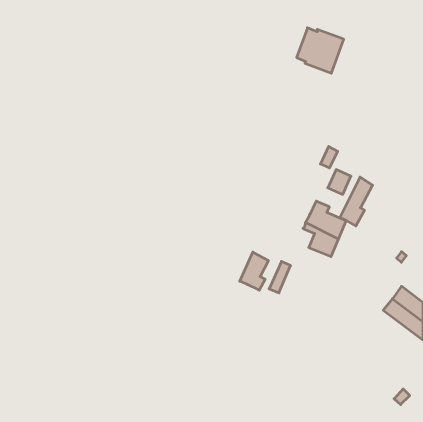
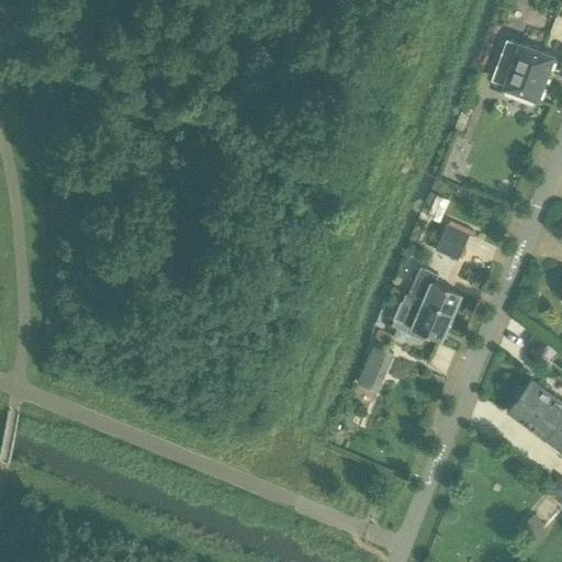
building: [297,28,344,73] -> [493,41,555,101]
building: [340,177,373,226] -> none
building: [240,252,268,290] -> none

